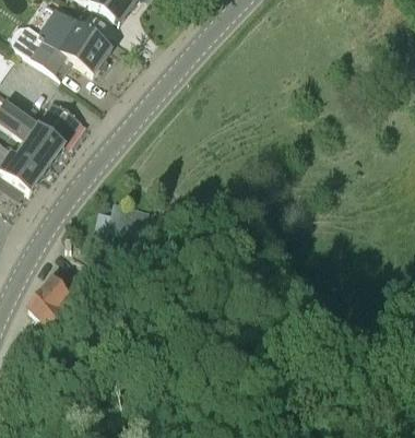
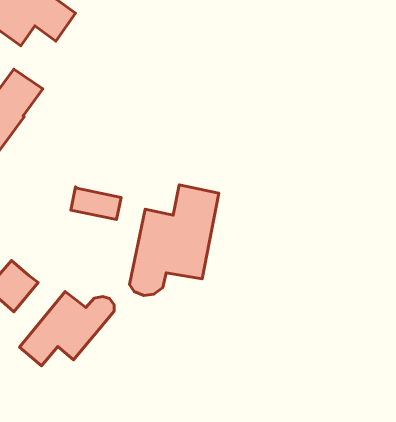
building: none -> [130,185,219,296]
building: none -> [19,292,114,366]

